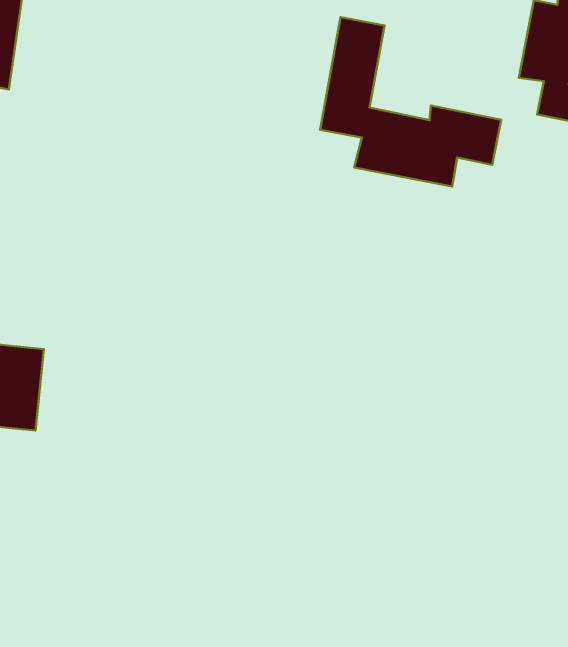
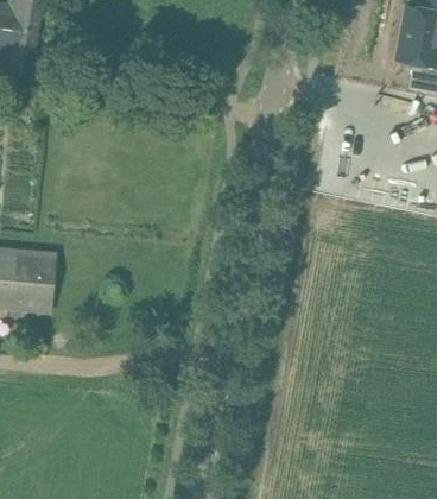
building: [320,17,501,186] -> none

